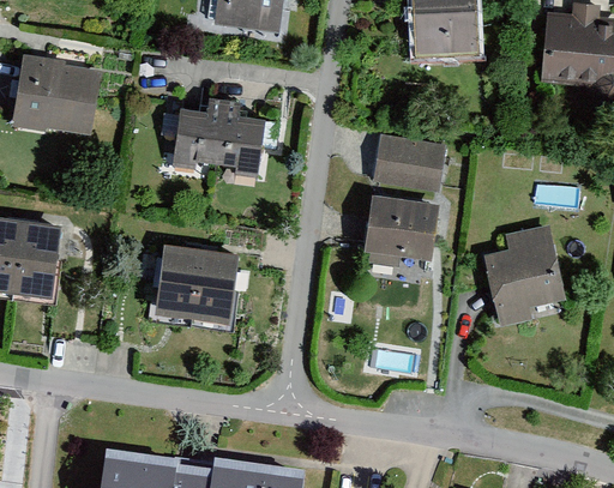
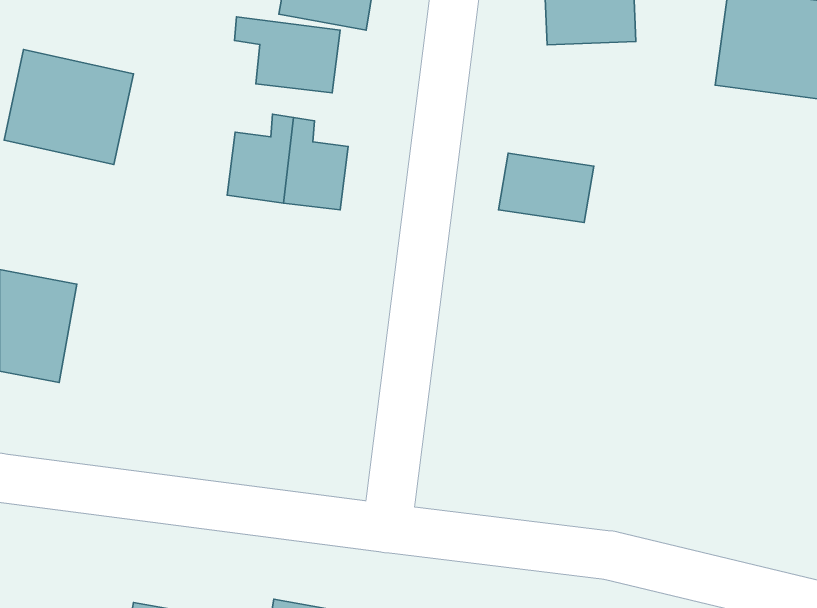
building: none -> [235,17,340,93]
building: [360,194,439,263] -> none
building: [483,222,565,329] -> none
building: [149,242,237,327] -> none

